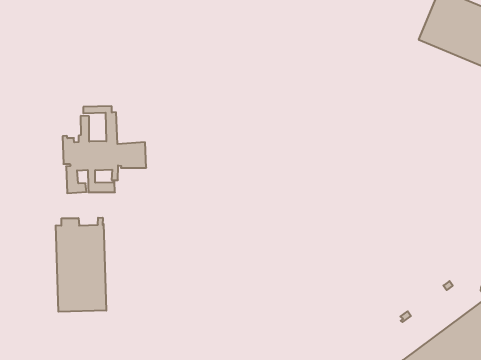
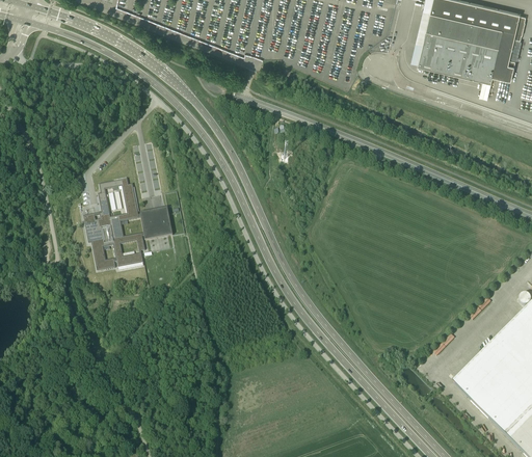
building: [56,218,106,312] -> none

